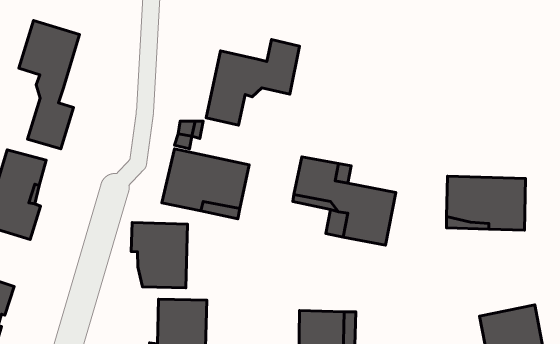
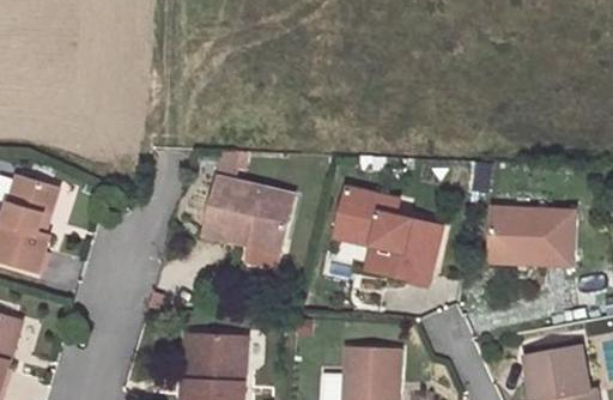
building: [19,20,80,149] -> none
building: [206,40,300,125] -> none
building: [131,222,187,288] -> none

